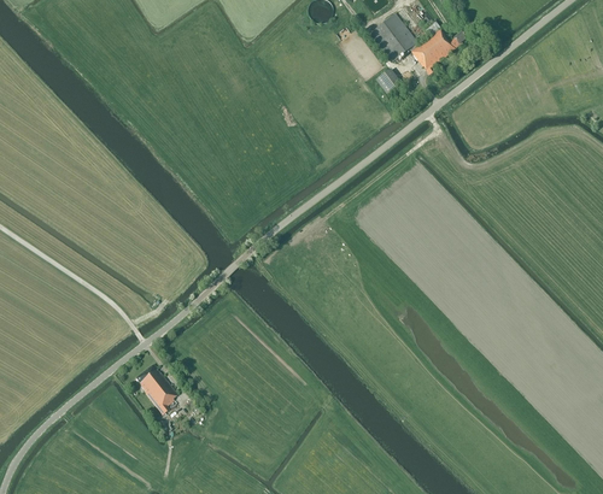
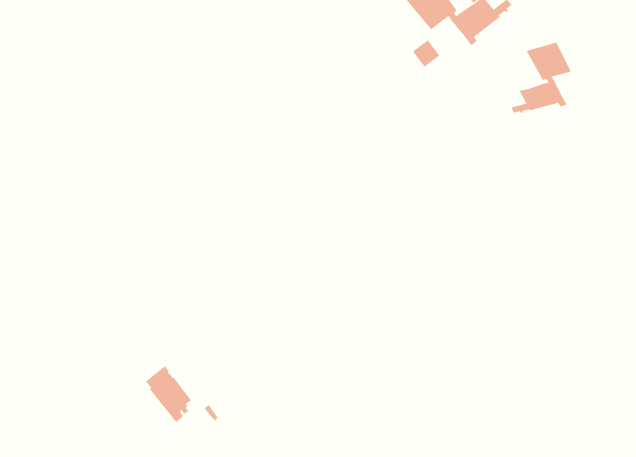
building: none -> [510,42,572,114]

